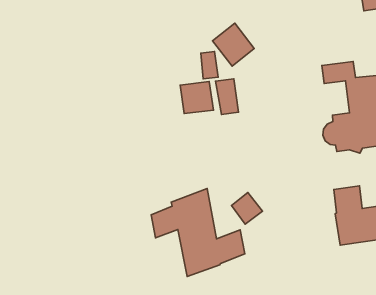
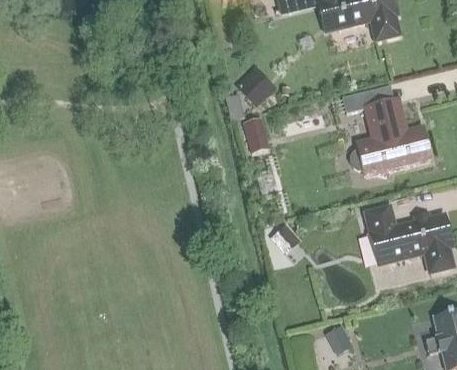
building: [180,82,213,114] -> none
building: [151,189,245,277] -> none

